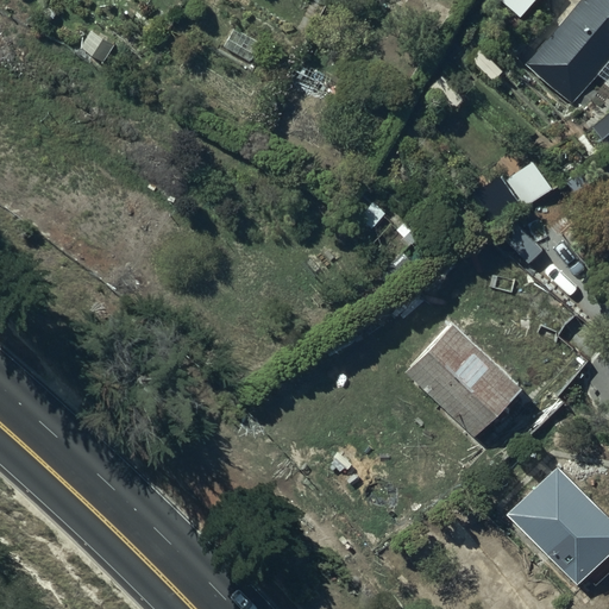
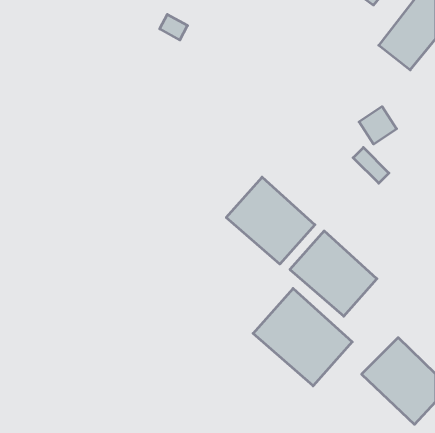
building: none -> [226,177,315,264]
building: none -> [253,288,352,386]

